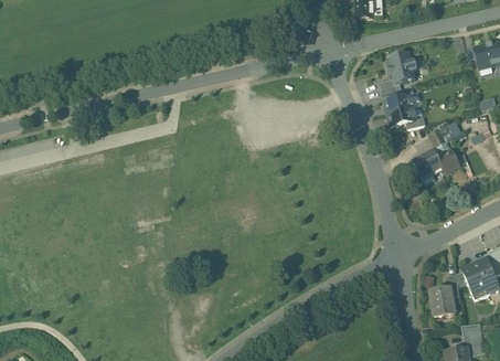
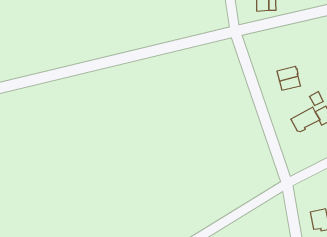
building: [387,51,416,82] -> none

